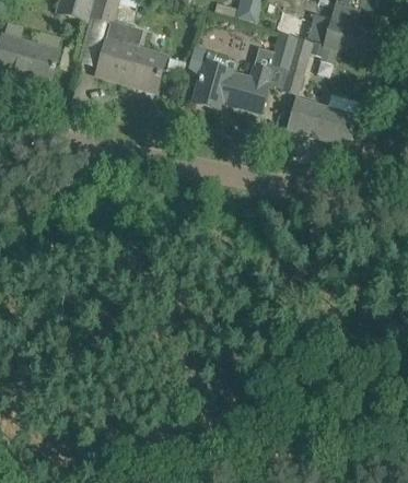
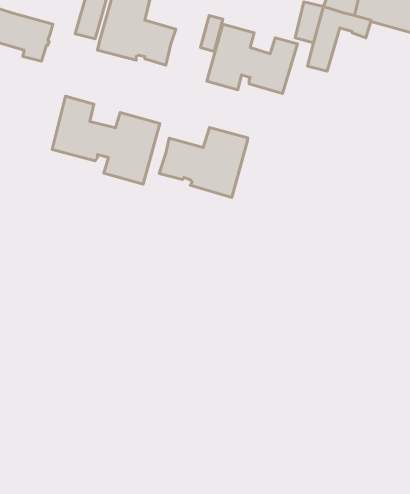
building: [287,94,360,145] -> none
building: none -> [52,96,160,184]
building: none -> [159,128,248,197]

